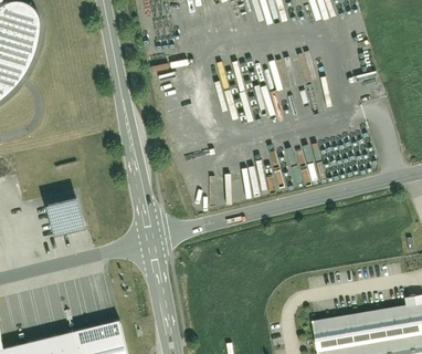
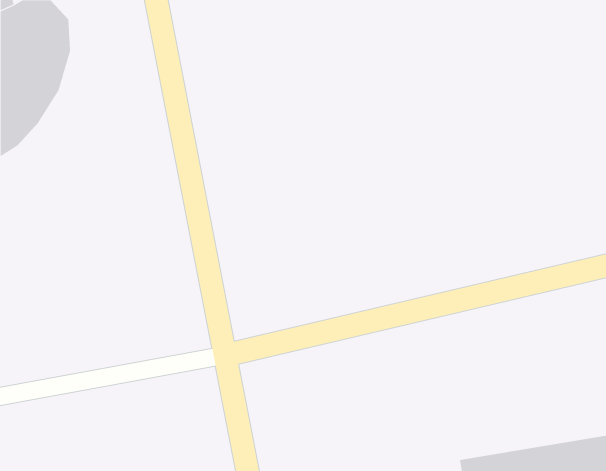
building: [46,198,87,235] -> none

